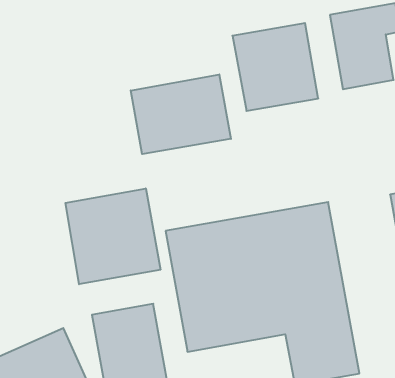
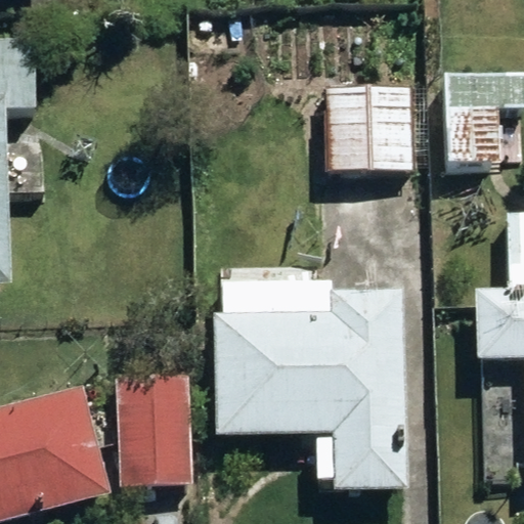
building: [131,74,231,154] -> none
building: [65,188,160,284] -> none

